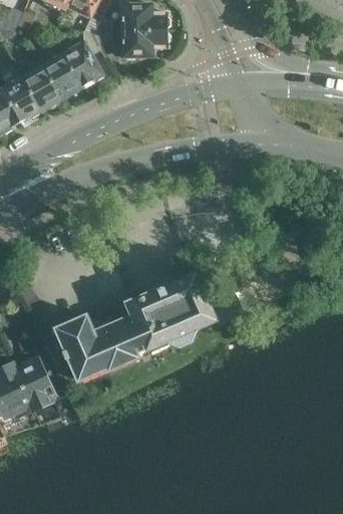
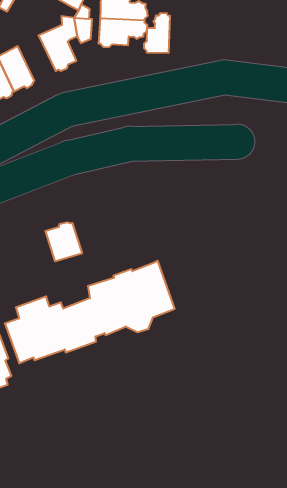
building: none -> [144,13,170,53]
building: [40,52,80,98] -> none
building: none -> [45,222,82,261]

